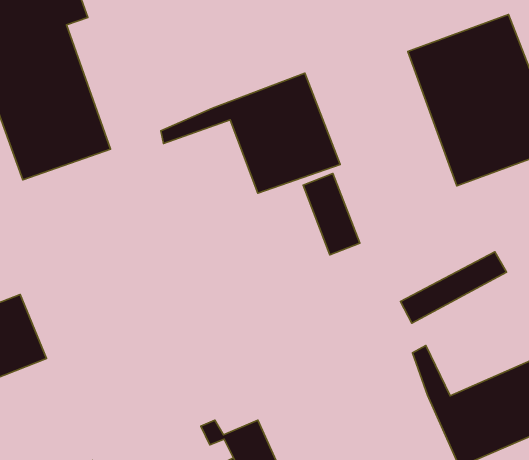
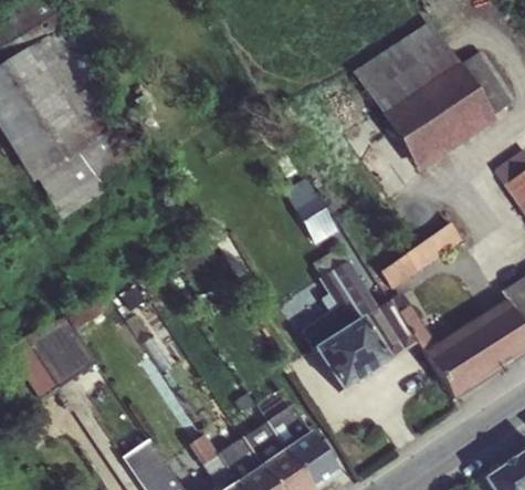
building: [161,73,340,193] -> none
building: none -> [300,261,417,395]

